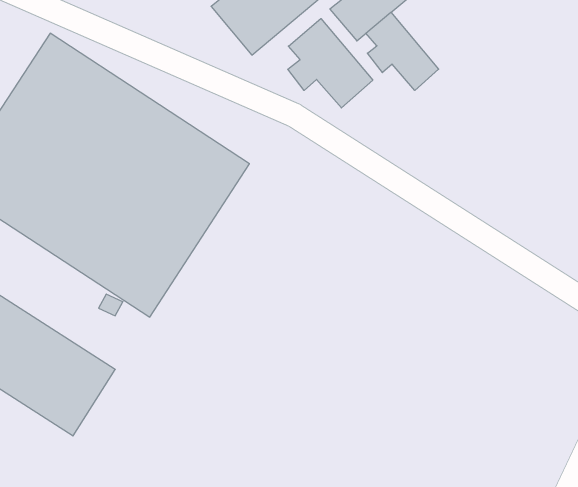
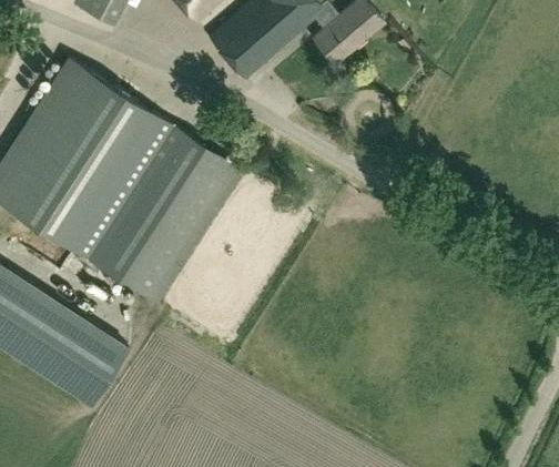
building: [366,12,439,90] -> none
building: [288,19,373,108] -> none

